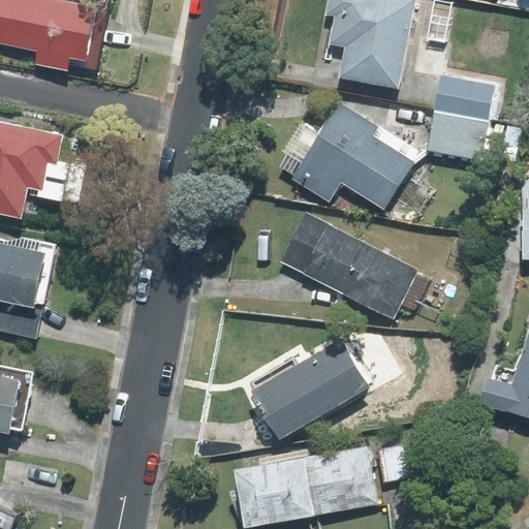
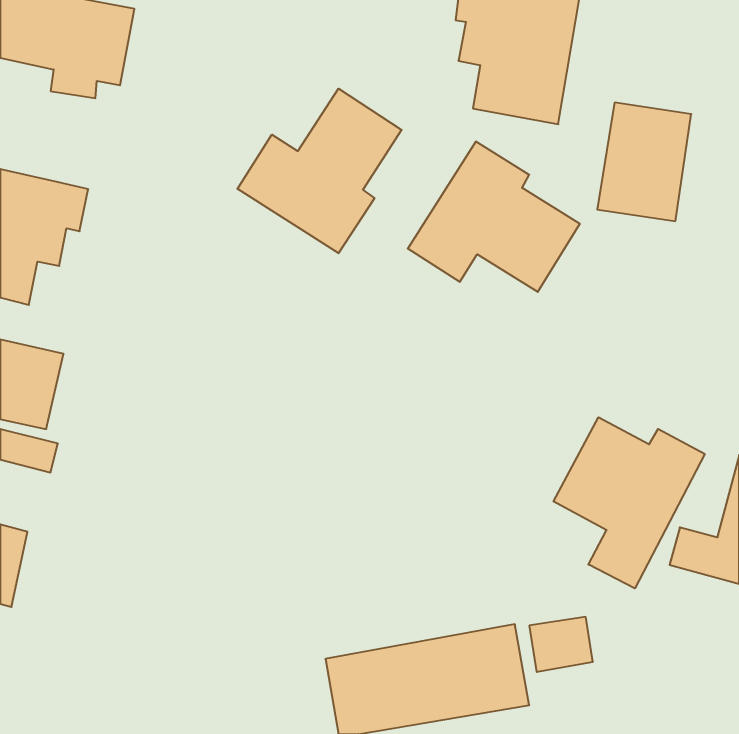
building: none -> [237,89,402,253]
building: [280,211,418,318] -> none
building: none -> [554,417,705,588]
building: [249,337,370,440] -> none

